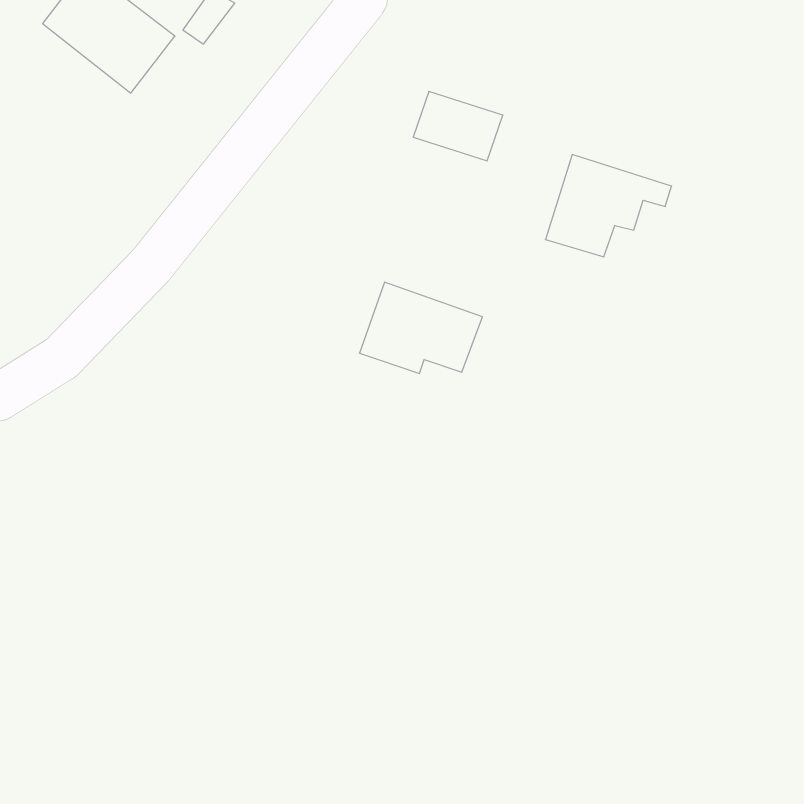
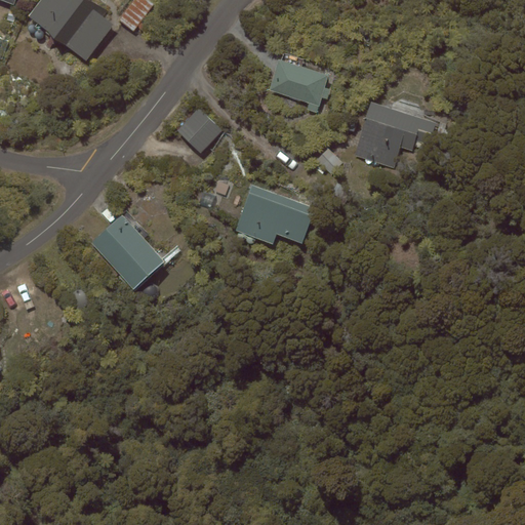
building: none -> [176,108,220,152]
building: none -> [90,214,163,288]

